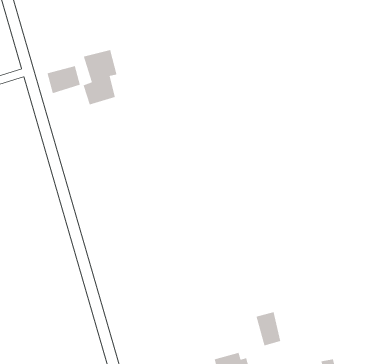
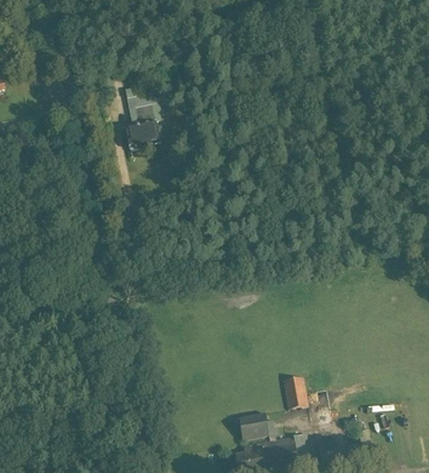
building: [46,65,81,94] -> none

